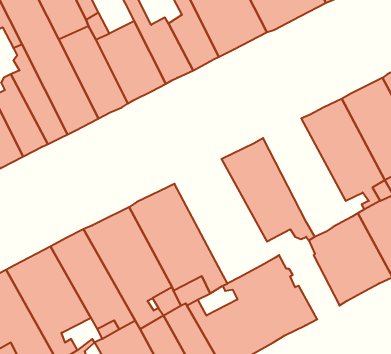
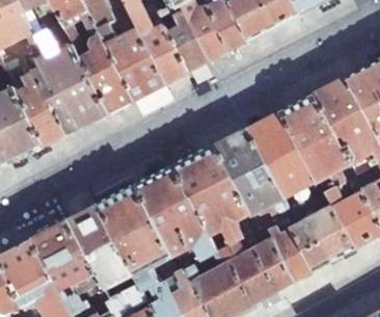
building: none -> [248,111,318,207]
building: none -> [173,146,251,245]
building: none -> [262,214,313,281]

